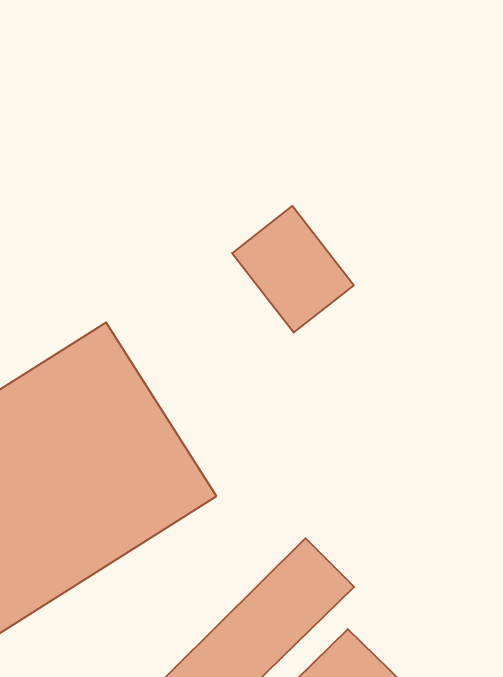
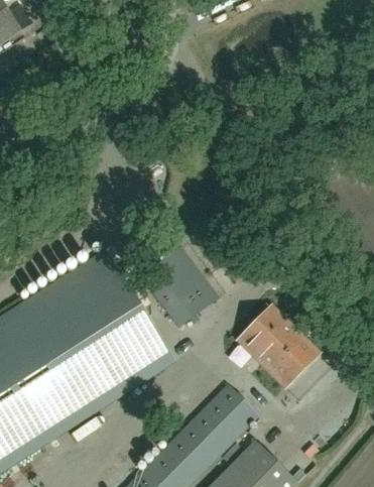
building: [232,206,354,333] -> [141,248,217,327]
building: none -> [238,306,318,386]

